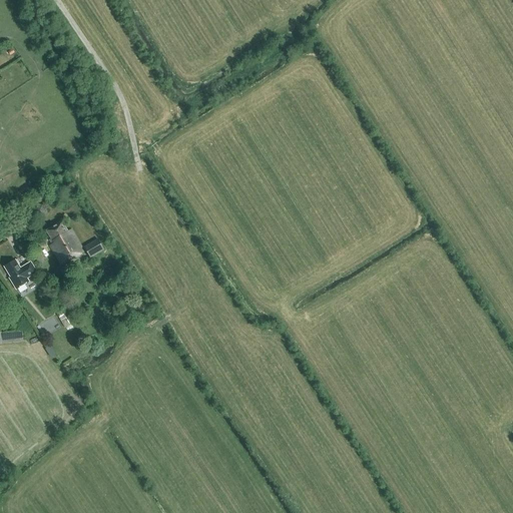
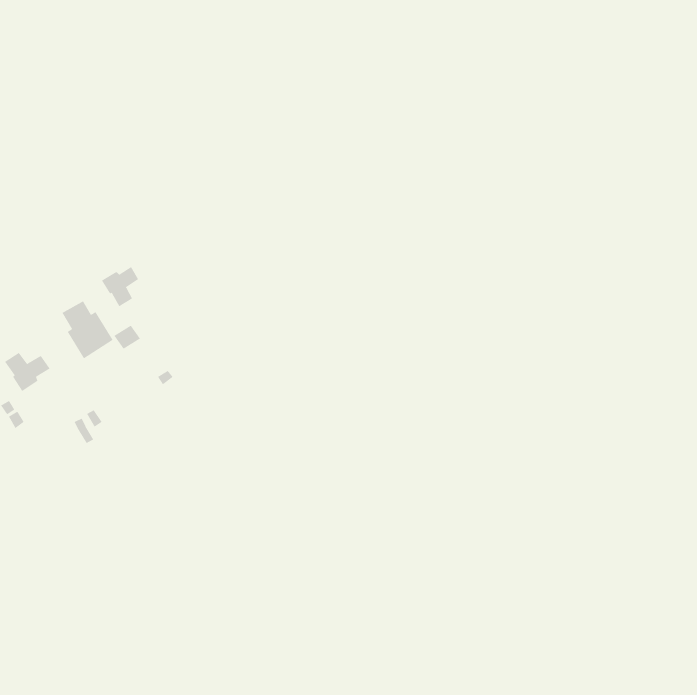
building: none -> [101,266,139,307]

